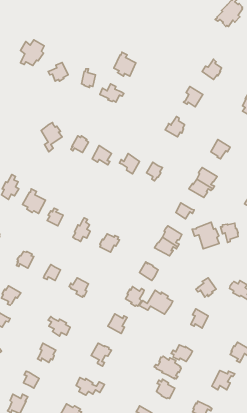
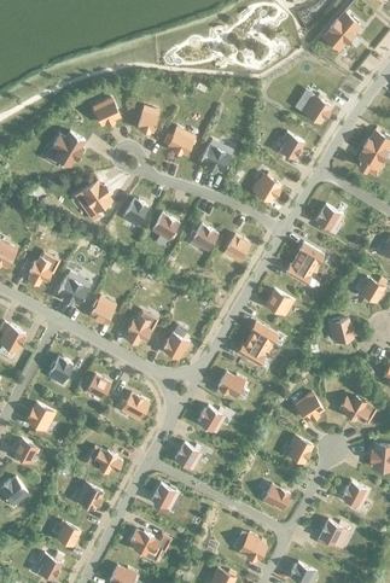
building: [21,40,44,65] -> [51,132,83,167]
building: [114,52,136,76] -> [199,140,229,173]
building: [192,222,219,249] -> none
building: [139,290,173,314] -> none
building: [154,356,181,379] -> none

